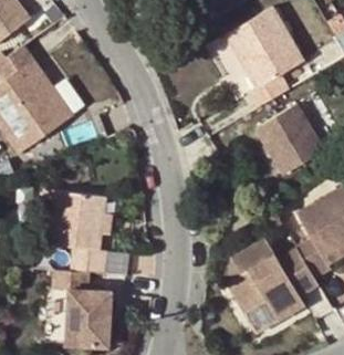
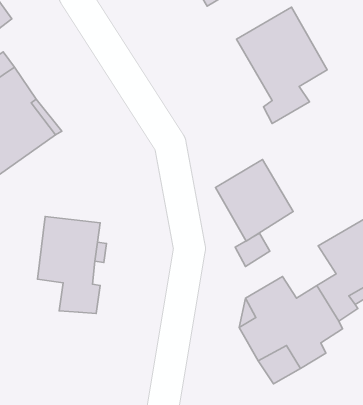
building: [256,105,323,176] -> [215,159,293,241]
building: [52,270,111,346] -> none

